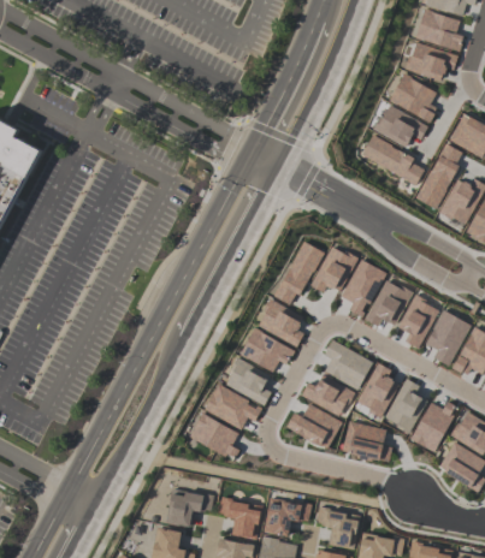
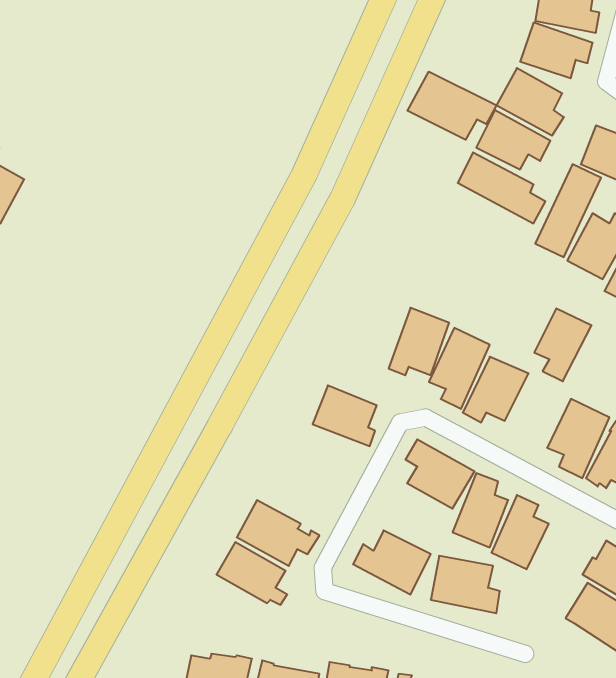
building: none -> [407,72,496,140]
building: [274,242,323,304] -> none
building: [398,297,439,349] -> [534,309,592,381]
building: [239,327,295,372] -> none
building: [224,360,271,405] -> none
building: [301,375,354,417] -> none
building: [410,402,457,452] -> none

